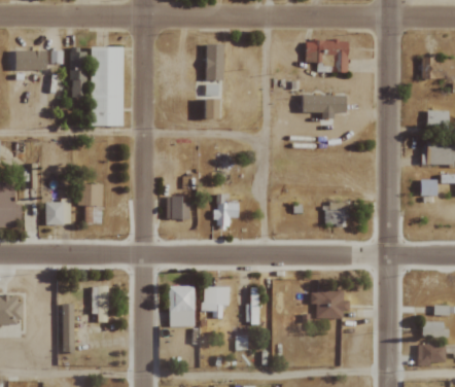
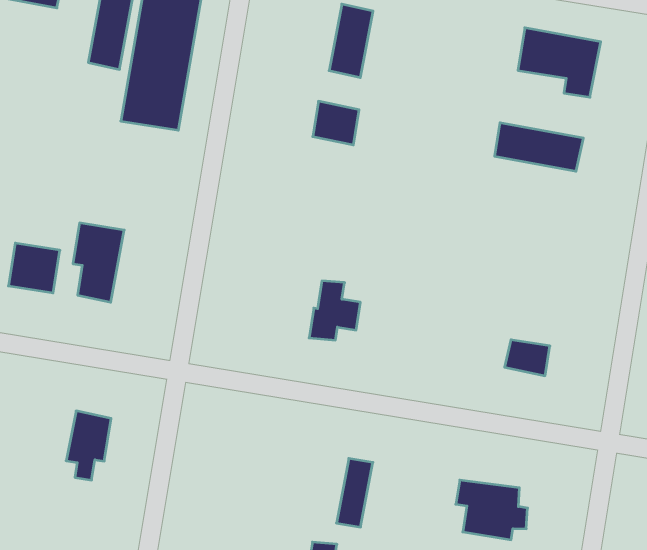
building: [169,196,188,219] -> none
building: [166,286,192,327] -> none
building: [200,287,228,318] -> none

